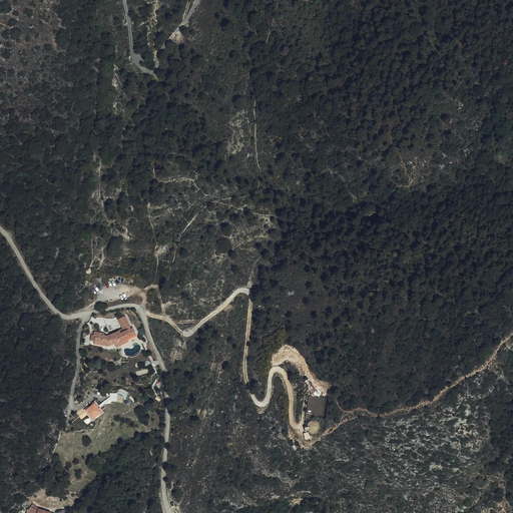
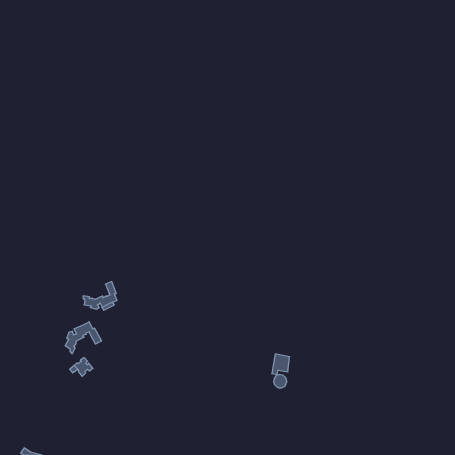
building: none -> [65,322,102,354]

